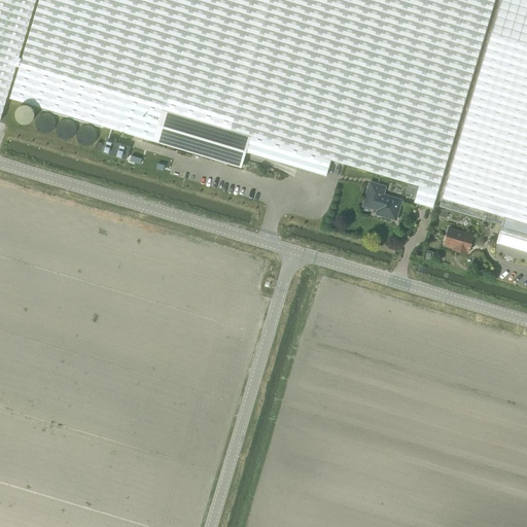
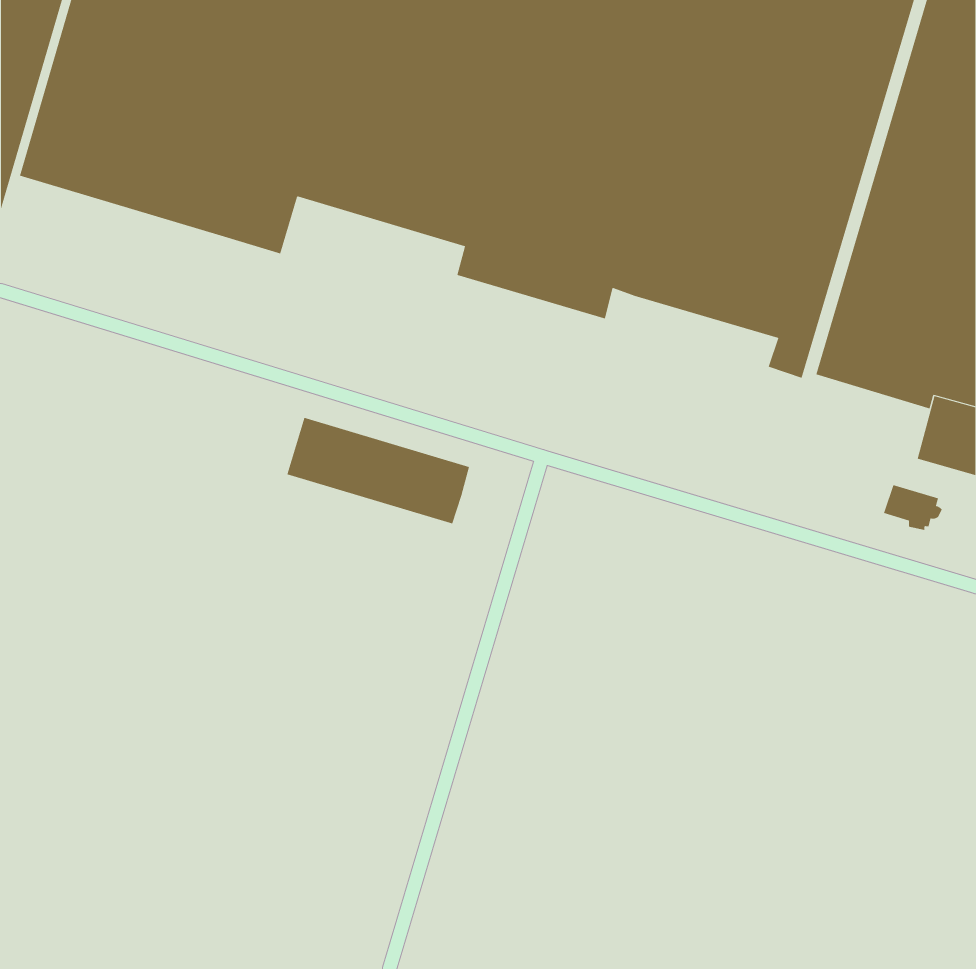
building: [151,106,250,164] -> [287,417,470,524]
building: [363,178,401,215] -> none
building: [444,224,476,249] -> [883,485,943,531]

